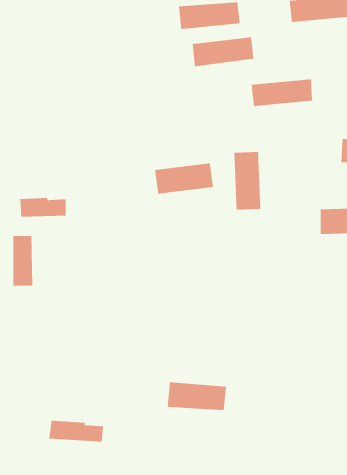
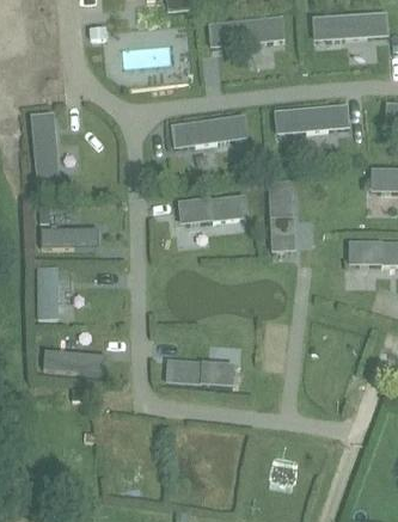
building: [192,37,254,67] -> [172,116,237,147]
building: none -> [31,125,60,191]
building: [167,382,227,411] -> [167,356,229,386]
building: [49,420,104,442] -> [43,350,100,373]

